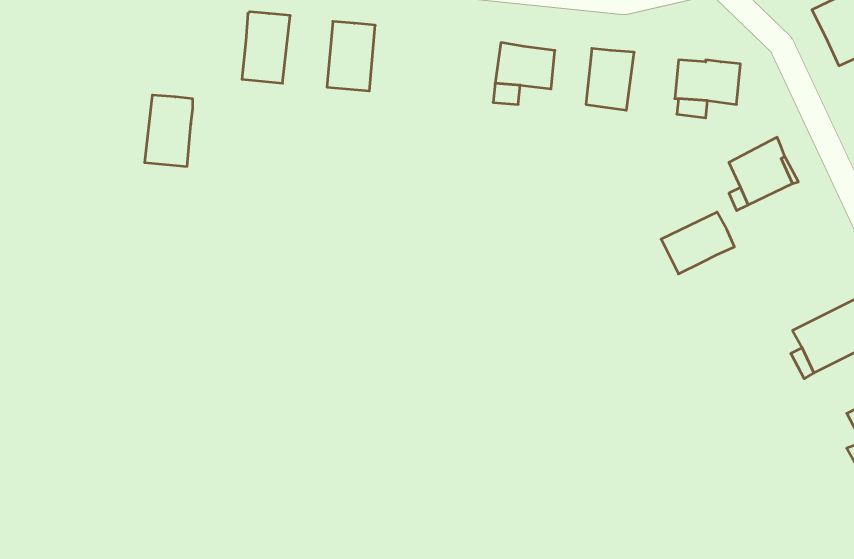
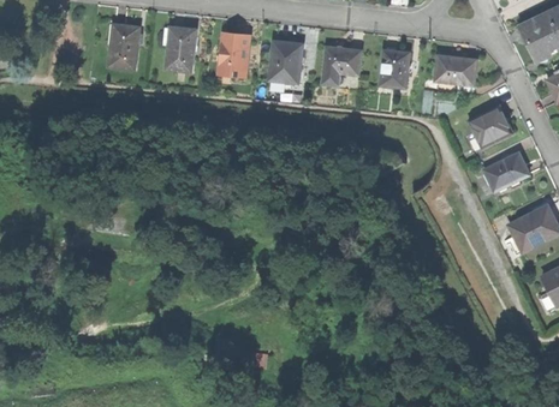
building: none -> [268,42,302,83]
building: [145,95,193,166] -> [107,25,137,70]
building: [661,212,734,274] -> [482,154,528,192]

